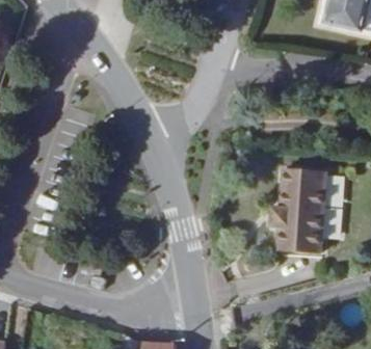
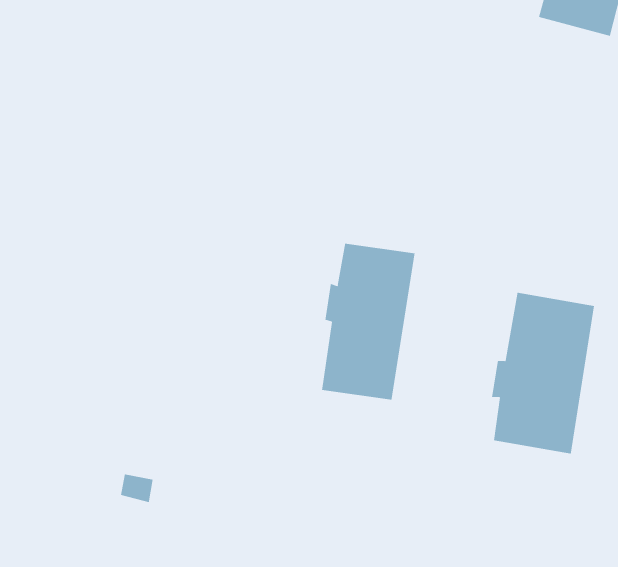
building: none -> [321,243,415,400]

